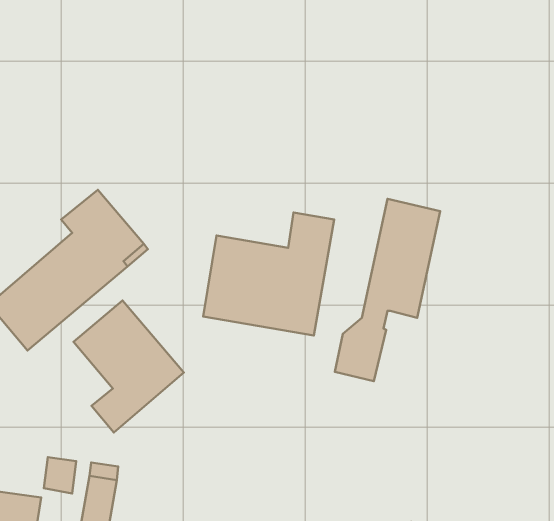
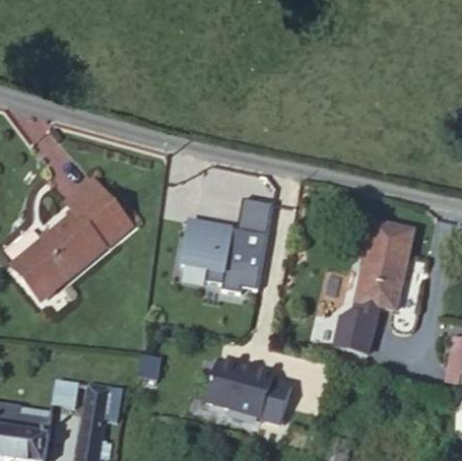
building: [335,199,440,381] -> [334,221,413,358]
building: [73,301,184,432] -> none
building: none -> [202,353,293,422]

